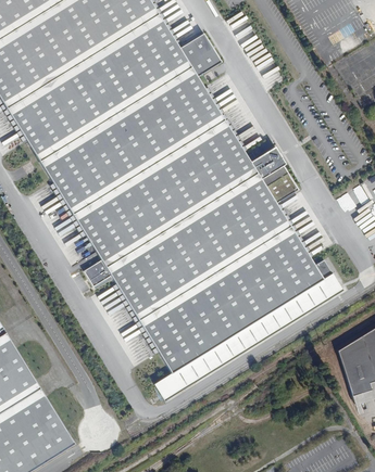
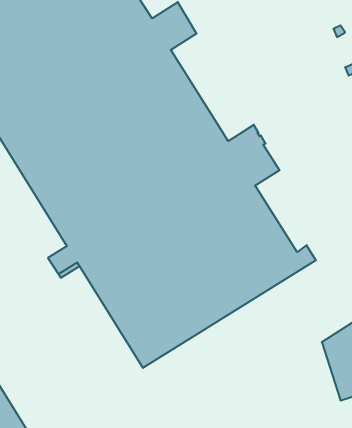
building: [155,271,343,399] -> none

